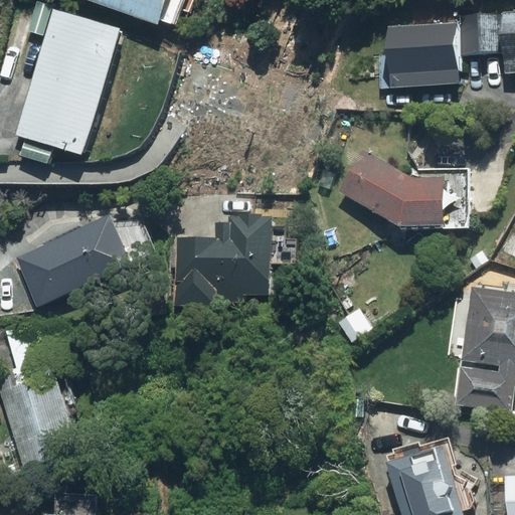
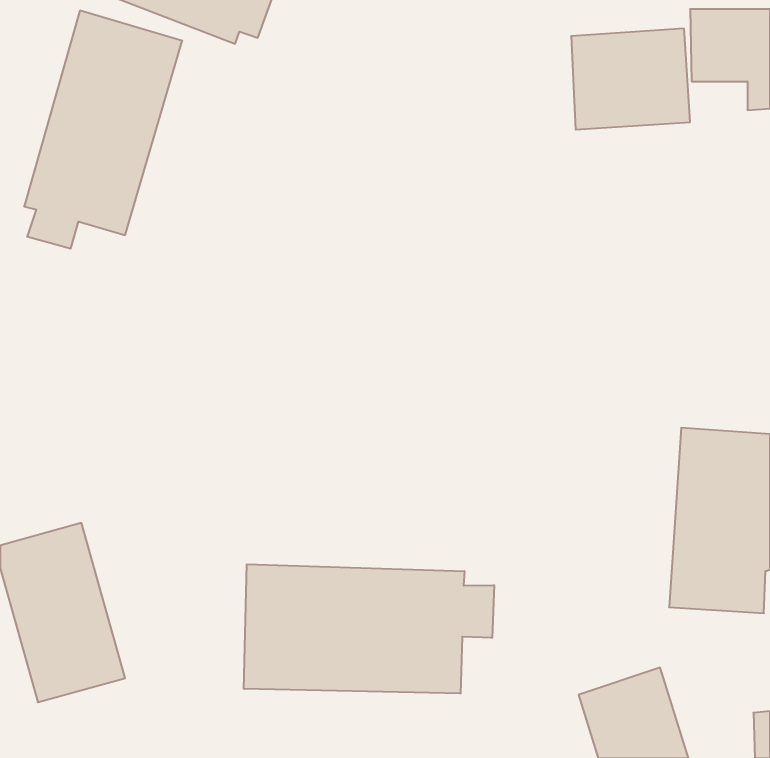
building: [340,152,443,227] -> none
building: [173,207,274,310] -> none
building: [15,214,133,308] -> none
building: none -> [244,564,494,694]

